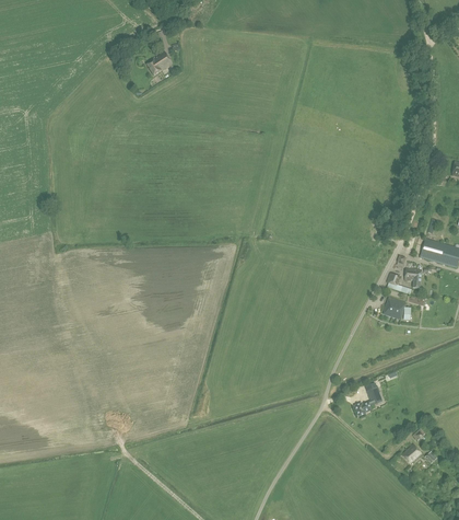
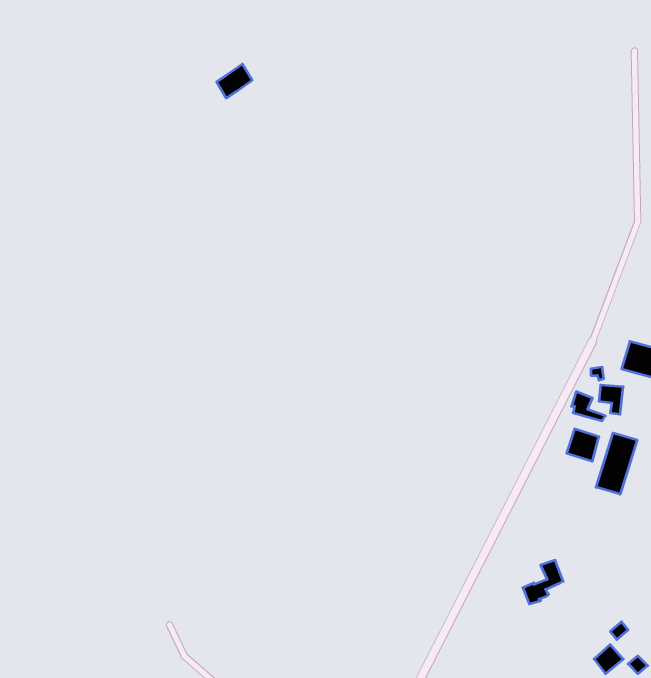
building: none -> [596,433,637,494]

